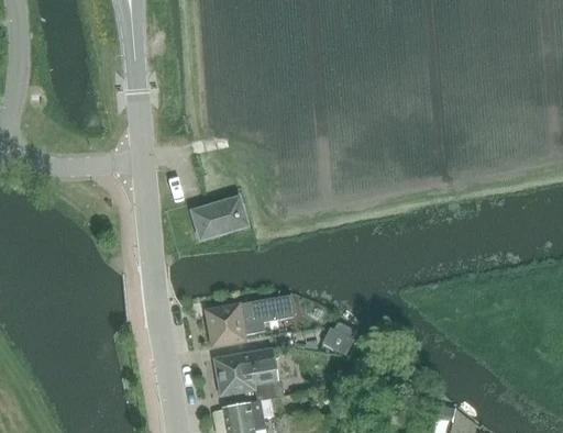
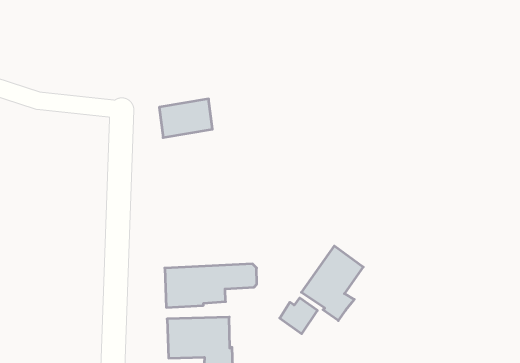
building: [192,197,246,240] -> [159,99,212,138]
building: none -> [301,246,363,321]

